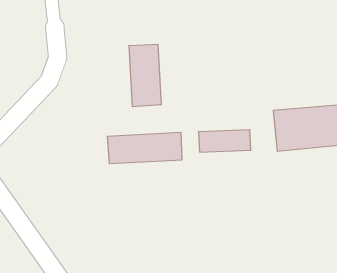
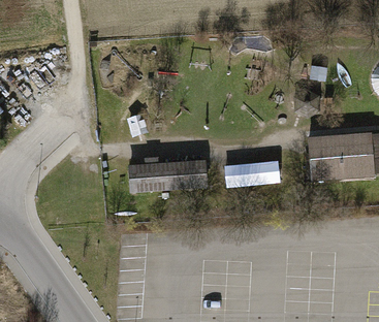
building: [129,44,161,107] -> none

